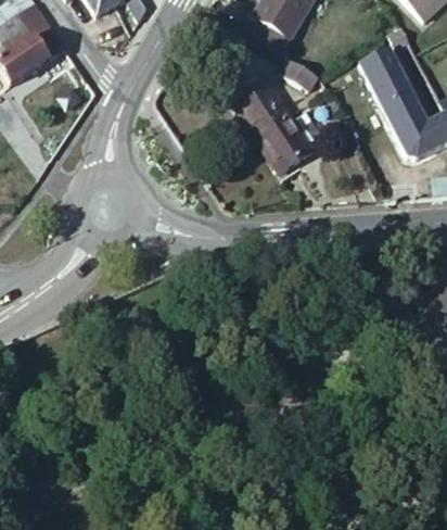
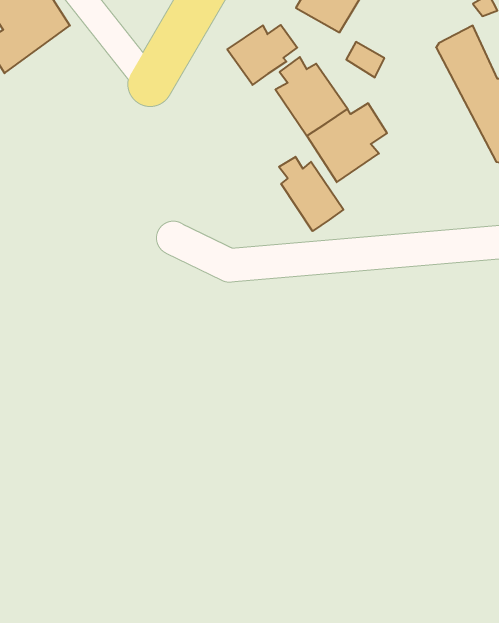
building: none -> [227,25,297,85]
building: none -> [279,157,343,231]

